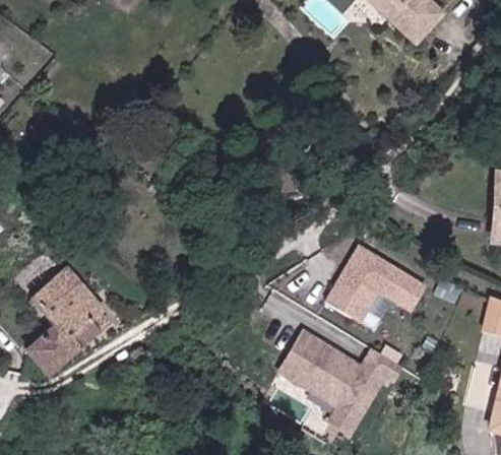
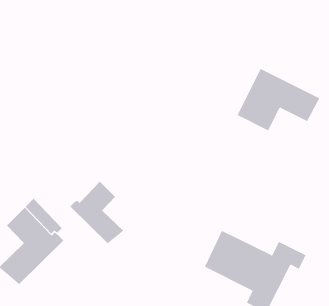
building: [325,244,429,322] -> [237,68,320,131]
building: none -> [70,181,124,244]

